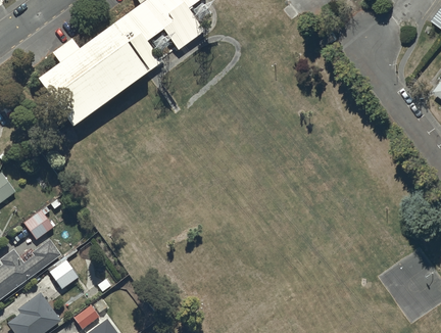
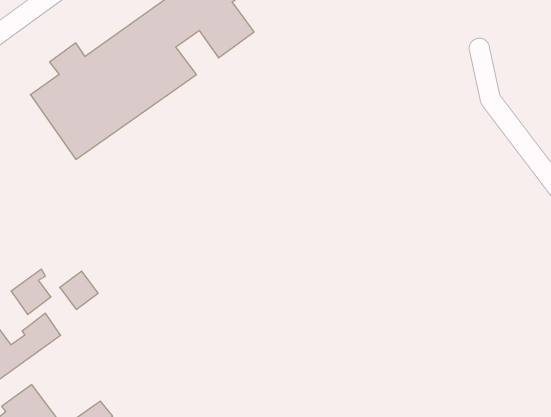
building: [50,260,79,289] -> [60,271,98,309]

